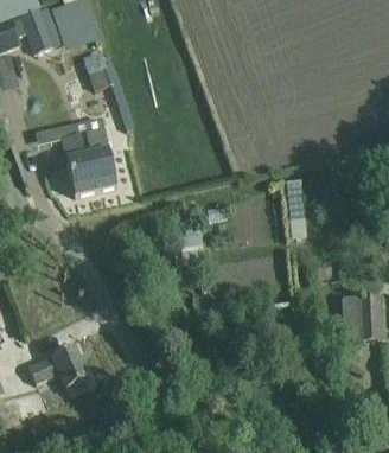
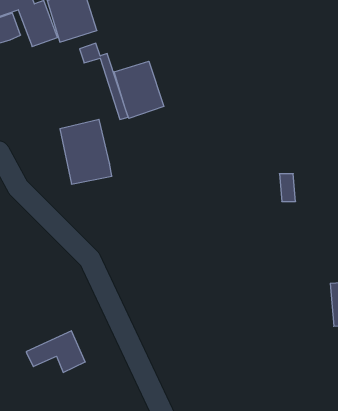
building: none -> [114,61,164,118]

